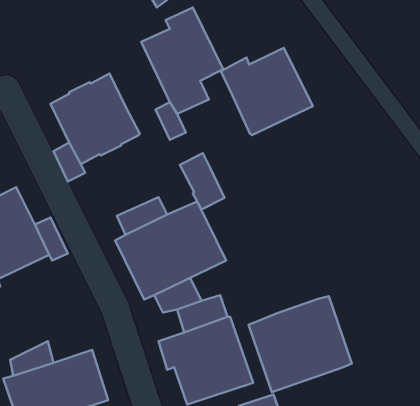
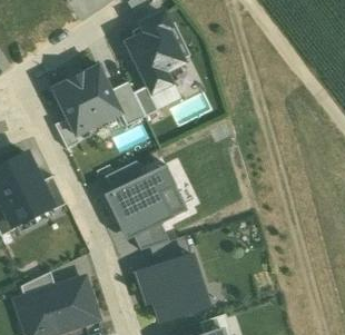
building: [221,48,313,135] -> none
building: [180,153,225,209] -> [110,81,145,125]
building: [249,296,352,392] -> none

